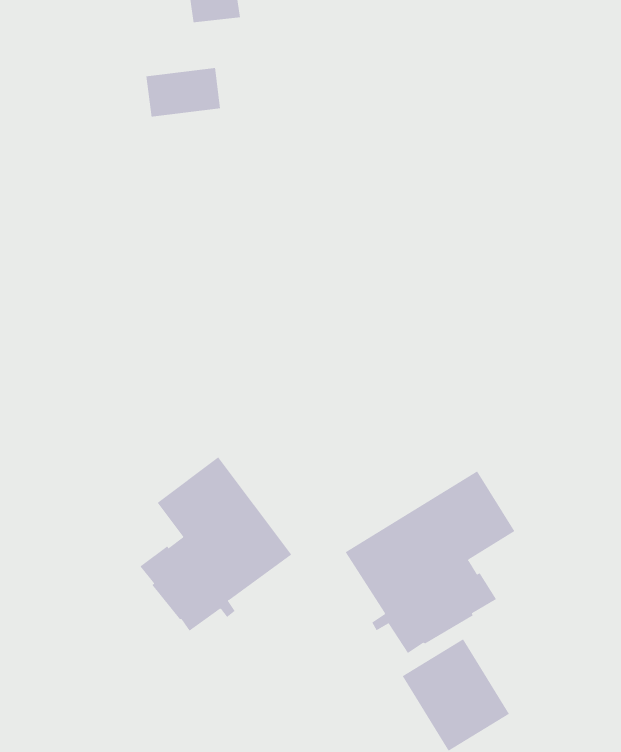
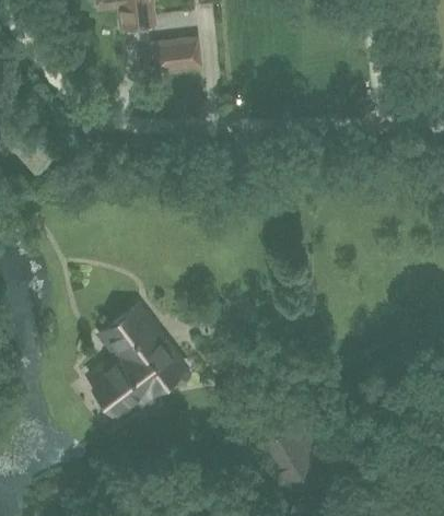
building: [146,67,221,117] -> [155,38,203,70]
building: [345,470,515,654] -> none

